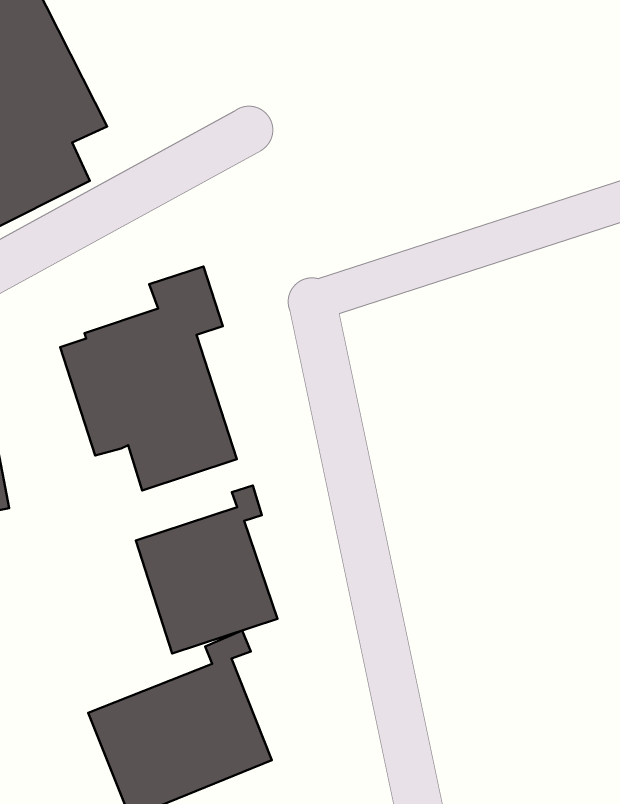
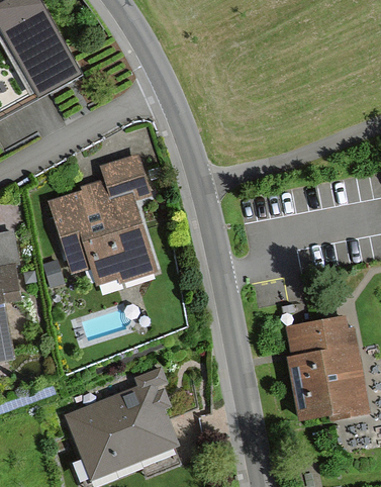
building: [136,486,277,653] -> none
building: none -> [287,317,364,416]

